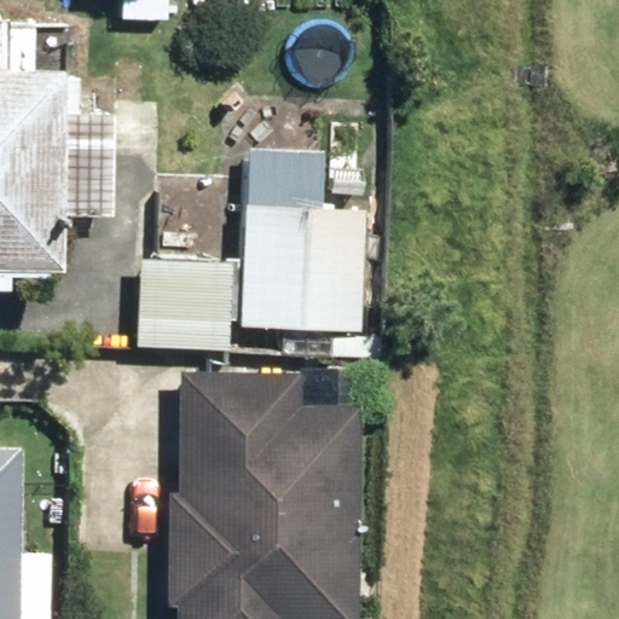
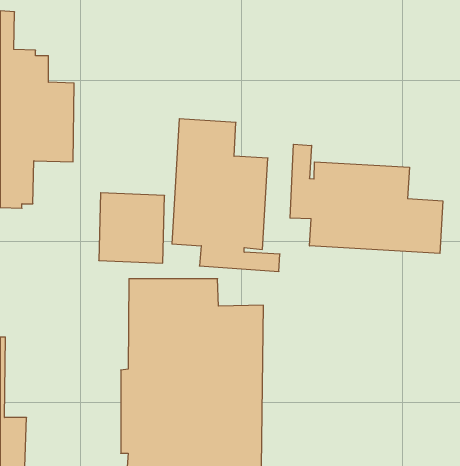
building: none -> [290,144,443,253]

